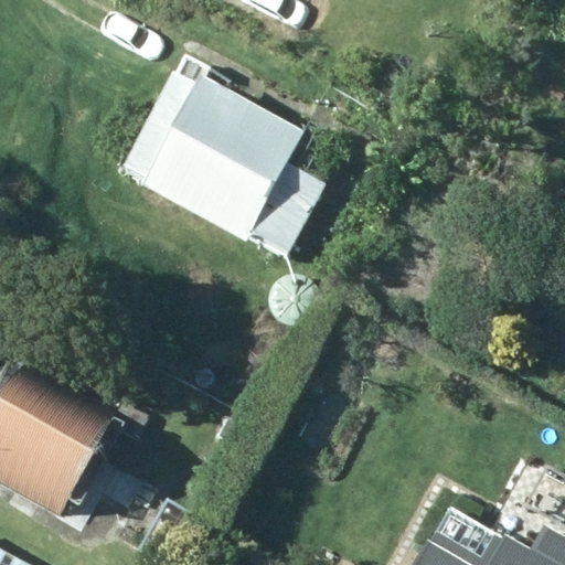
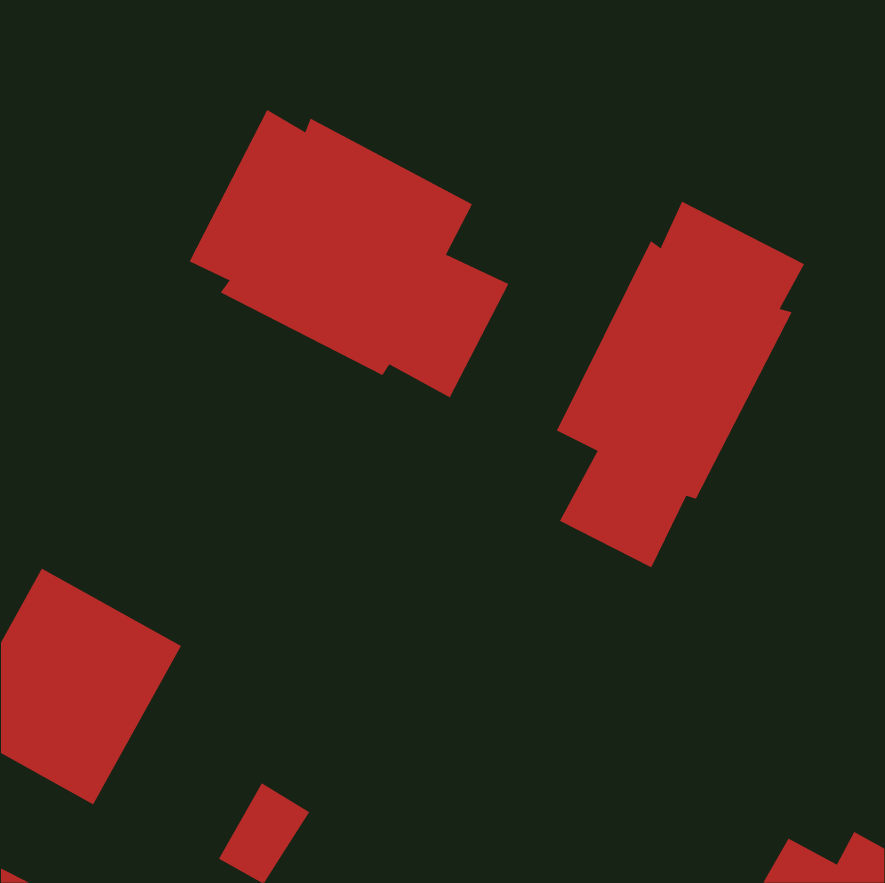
building: none -> [556,201,805,568]

